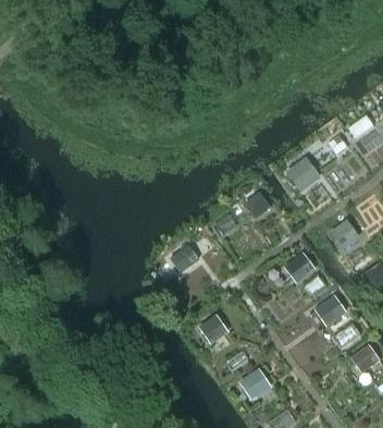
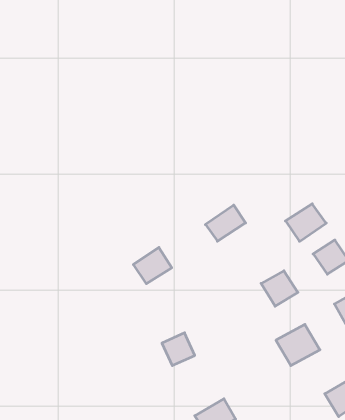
building: [285,157,322,192] -> [285,204,326,241]

